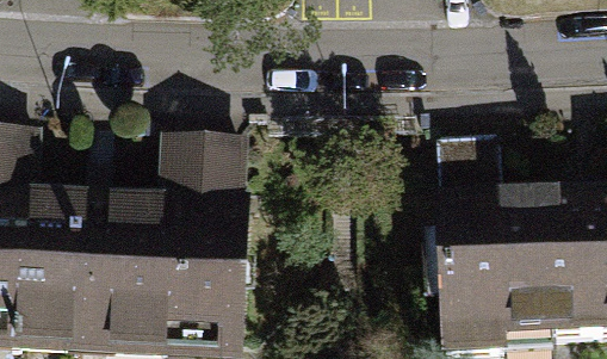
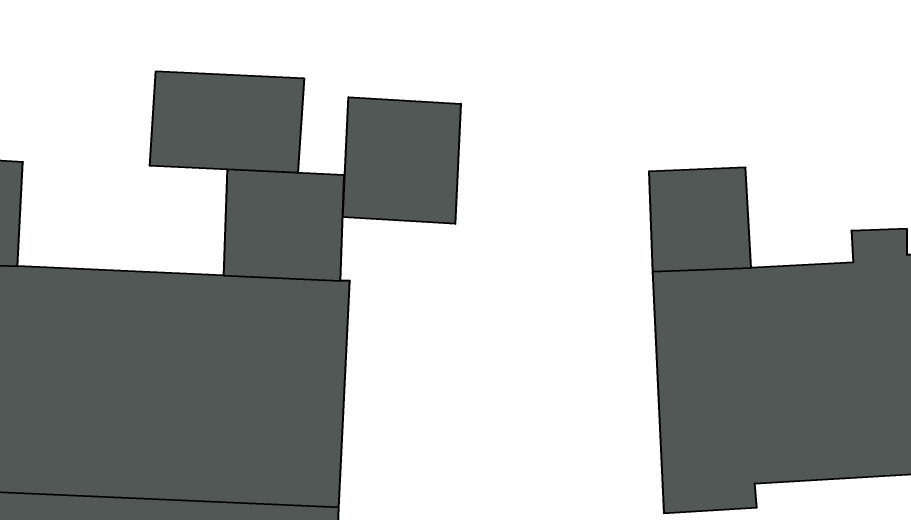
building: none -> [150,71,304,173]
building: none -> [343,97,461,224]

